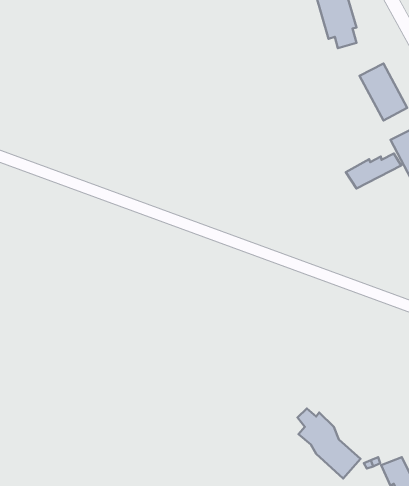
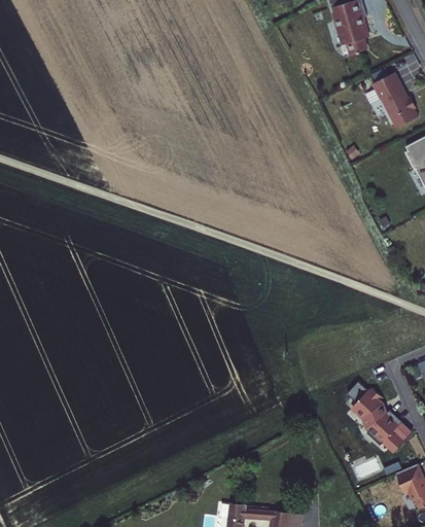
building: [346,153,401,189] -> none
building: [298,408,361,479] -> [348,383,411,453]

